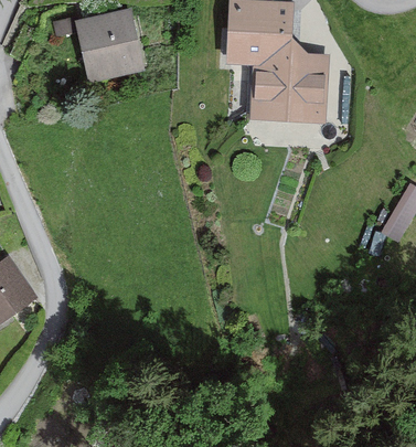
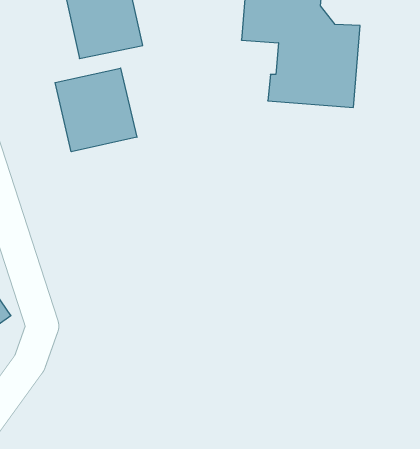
building: none -> [55,68,137,152]

